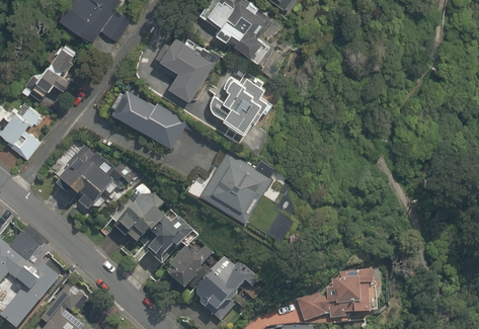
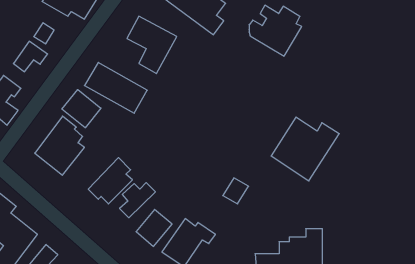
building: [209,76,266,132] -> [249,5,302,56]
building: none -> [62,90,101,128]
building: [201,154,275,224] -> [271,117,339,181]

